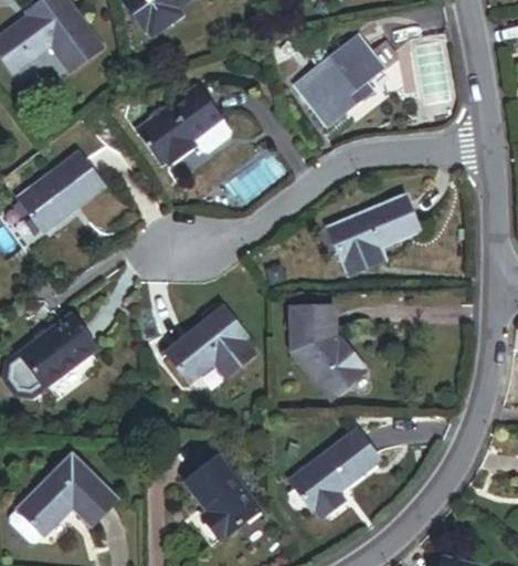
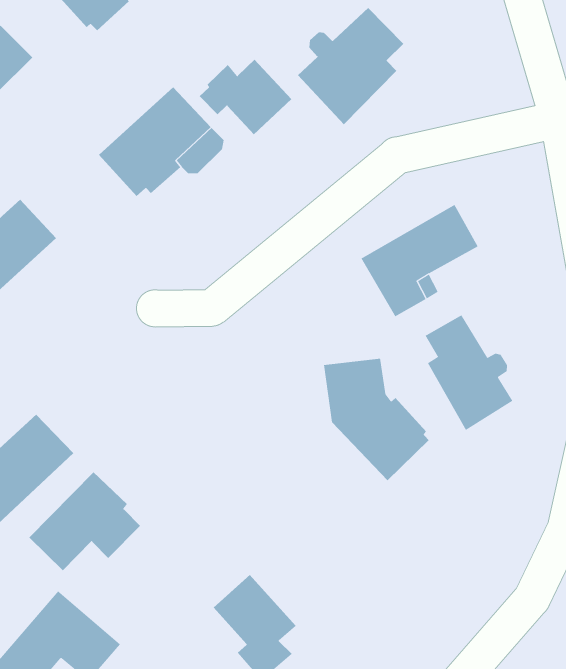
building: none -> [199,59,292,135]
building: none -> [425,314,513,431]
building: [168,310,254,382] -> [28,472,141,571]
building: [289,430,378,515] -> none

